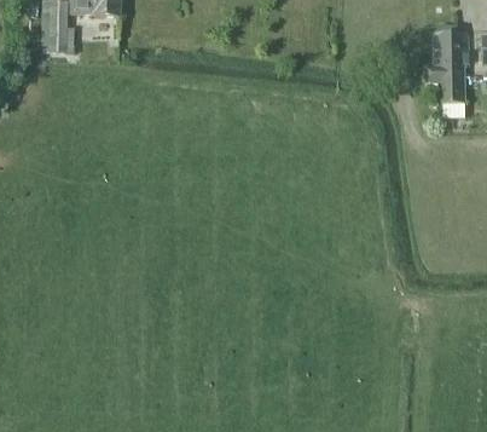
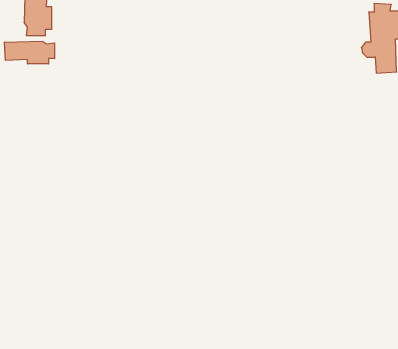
building: none -> [5,41,55,64]

